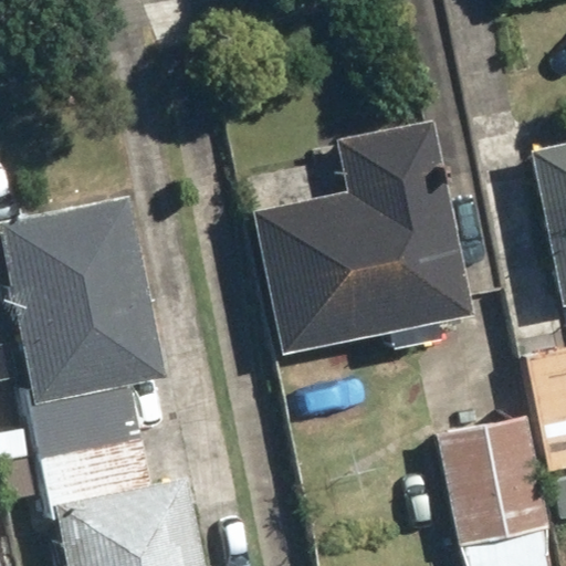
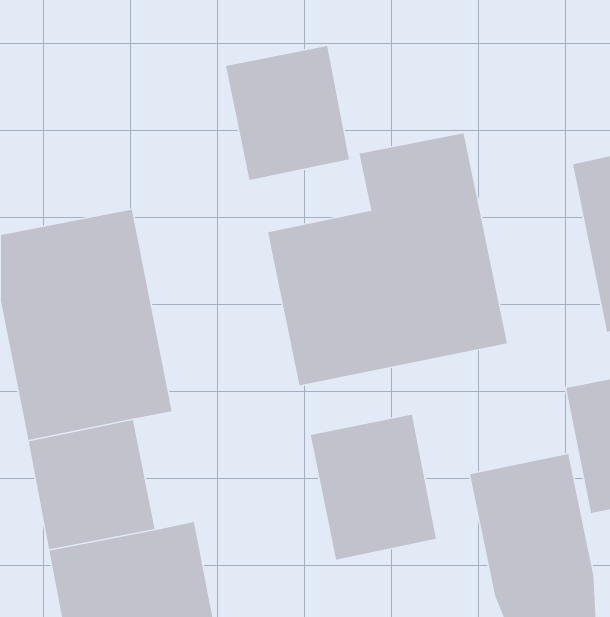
building: none -> [225,45,350,181]
building: none -> [310,414,437,560]

